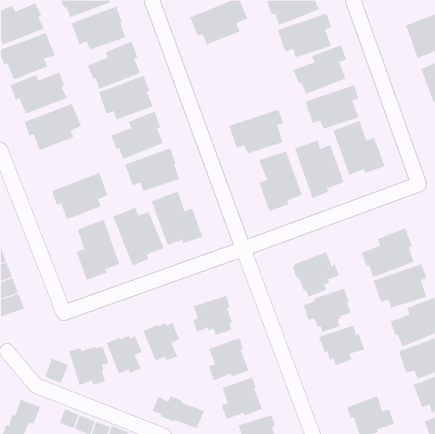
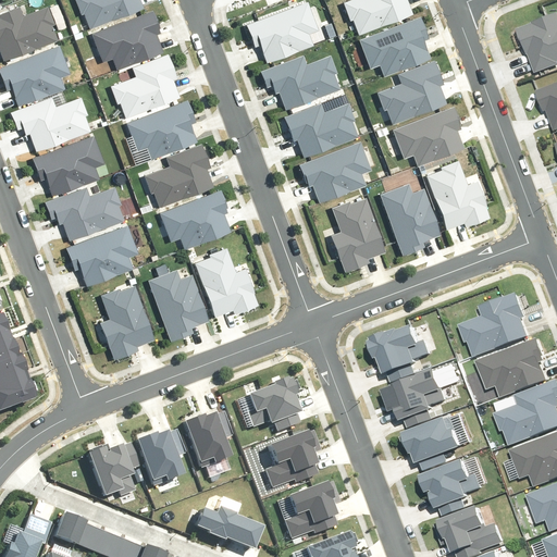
building: none -> [261,52,338,107]
building: none -> [278,101,356,156]
building: none -> [47,185,121,239]
building: [44,358,69,384] -> [53,512,85,545]
building: none -> [423,461,483,516]

